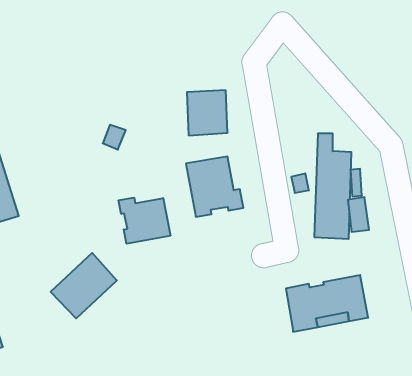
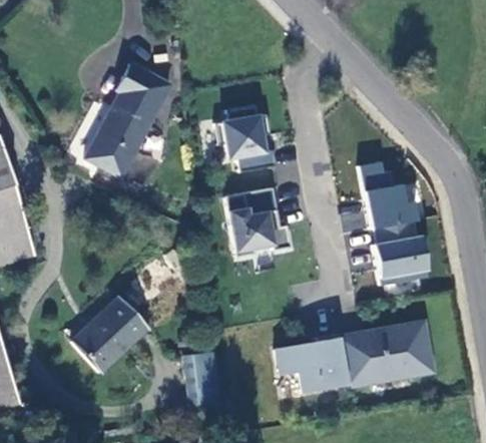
building: none -> [85,61,170,177]
building: [119,198,170,244] -> none
building: none -> [274,334,346,393]
building: none -> [184,354,221,407]

